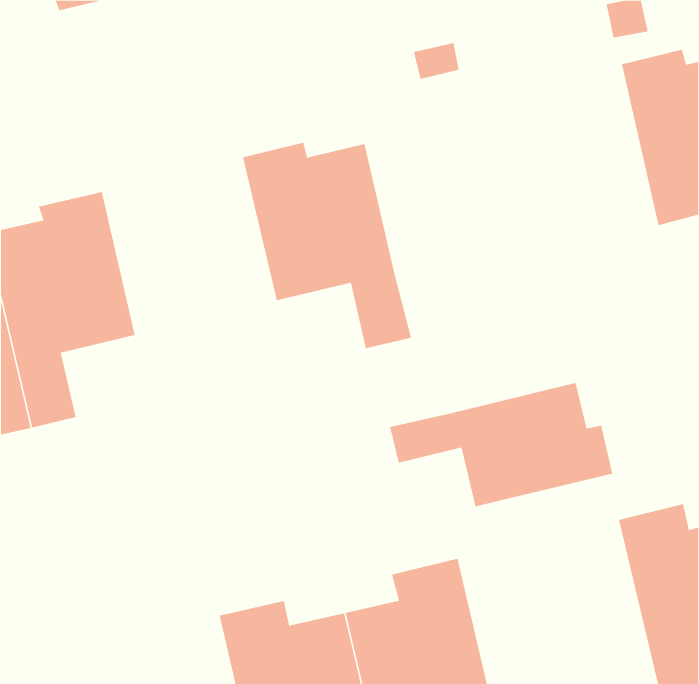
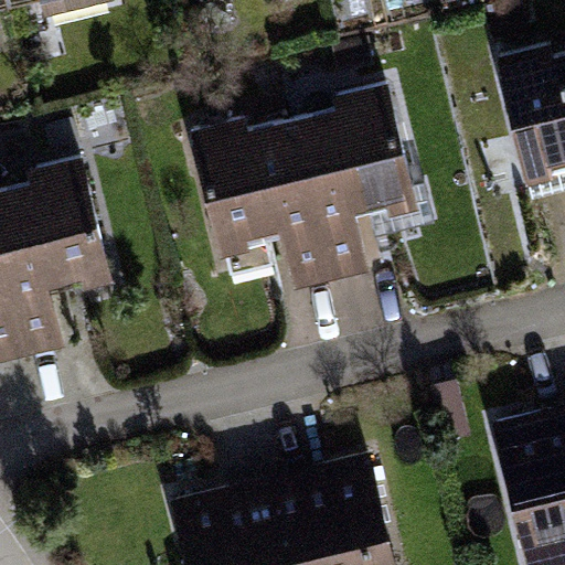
building: none -> [295,94,416,285]
building: [389,382,613,507] -> none

